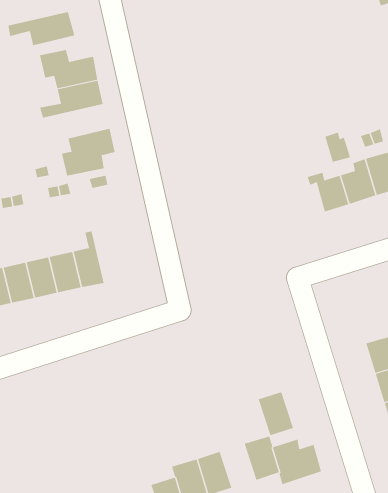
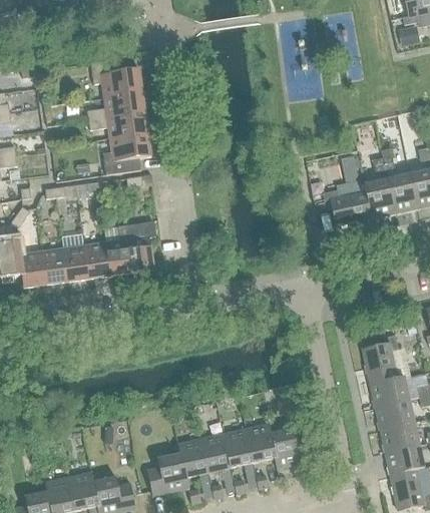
building: [8,12,75,46] -> [88,111,148,139]
building: none -> [124,220,155,273]
building: [258,391,294,436] -> [223,428,253,467]

